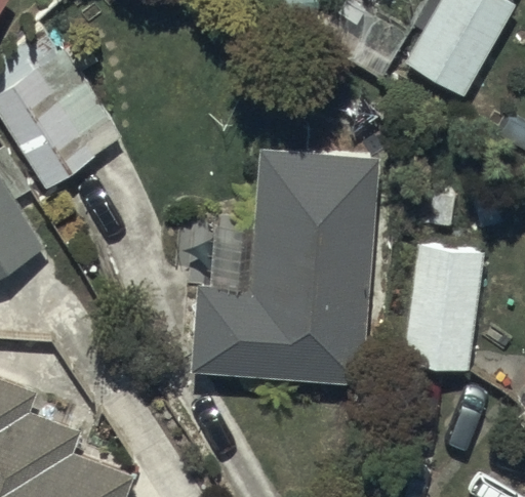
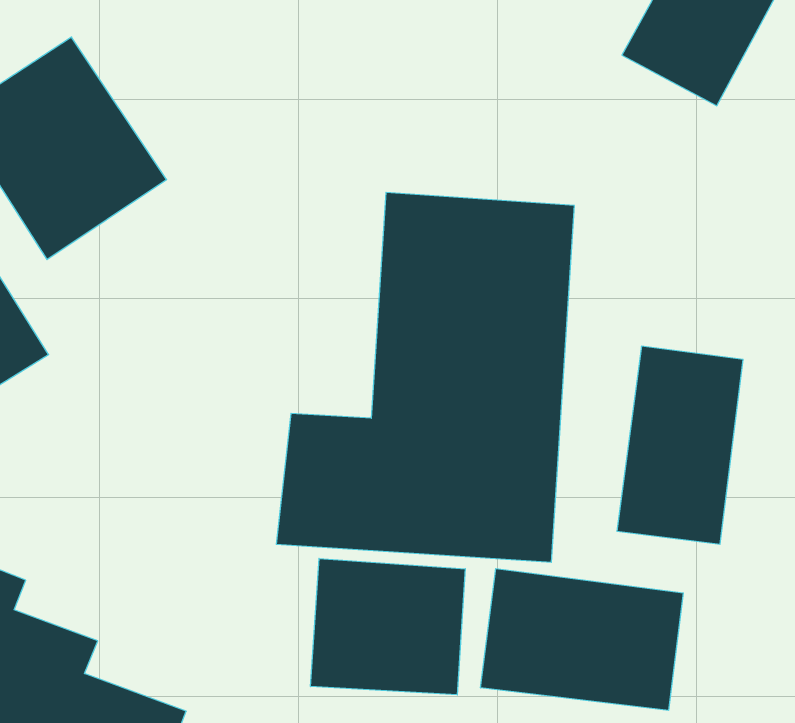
building: none -> [311,558,465,695]
building: none -> [481,569,683,710]

